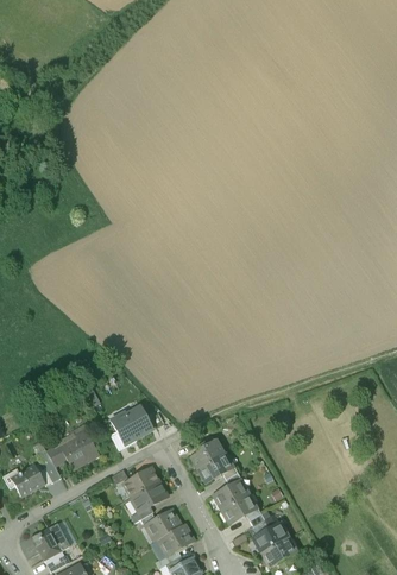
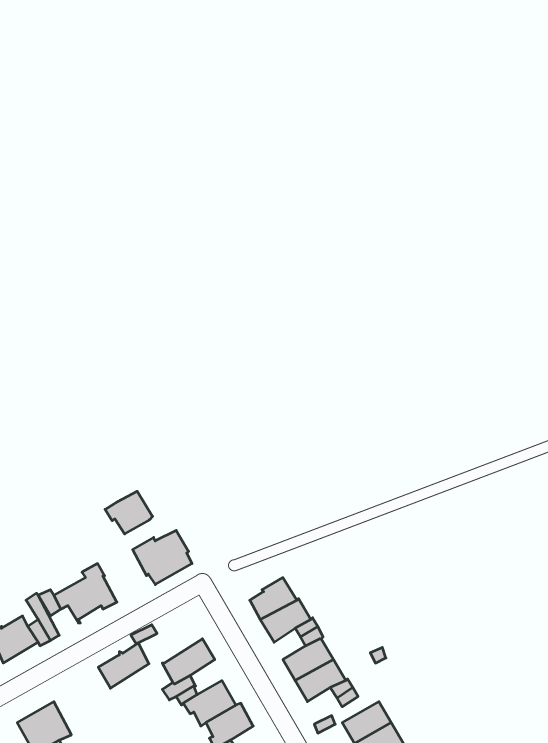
building: none -> [105,491,153,534]
building: [124,466,158,497] -> [98,643,149,688]

